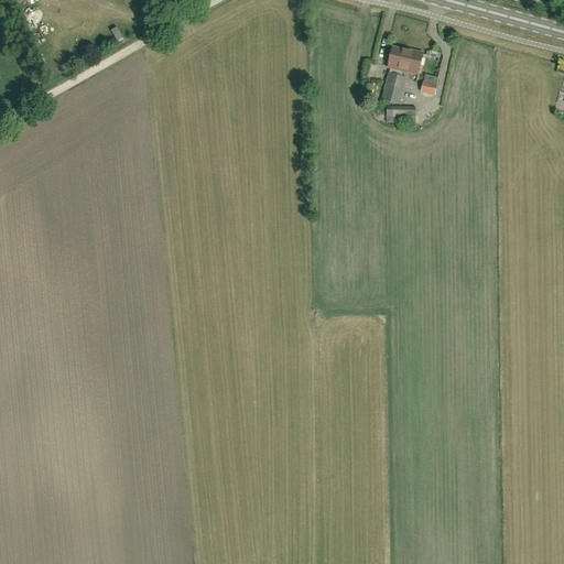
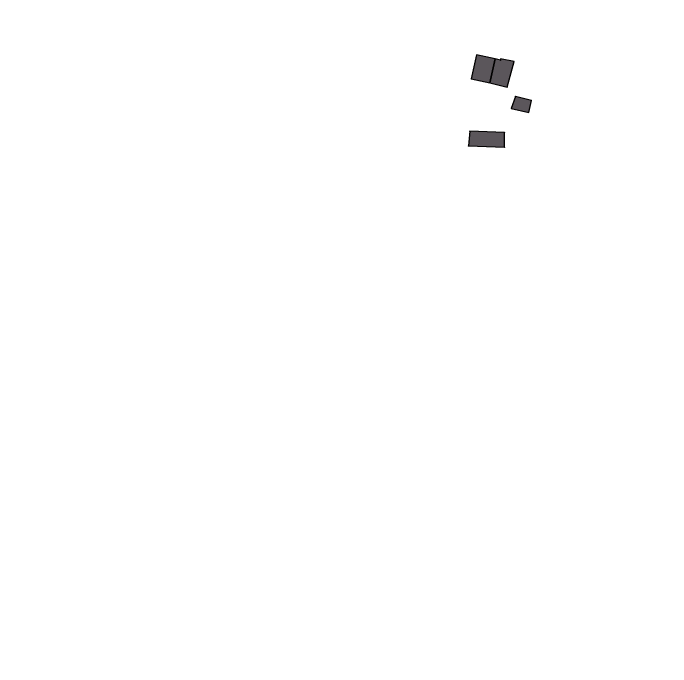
building: [381,72,406,102] -> none

